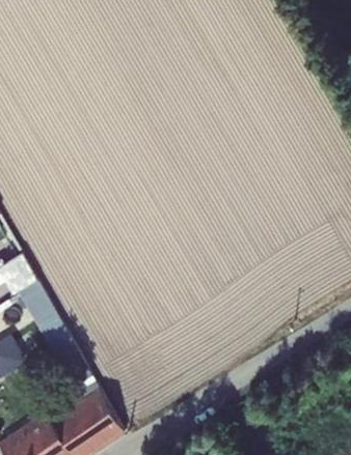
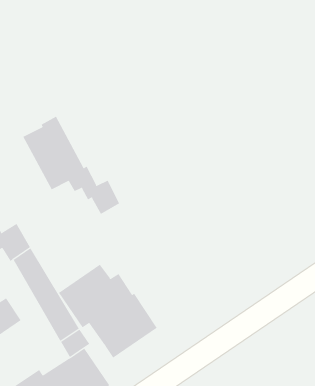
building: none -> [22,116,120,215]
building: none -> [58,264,158,358]

